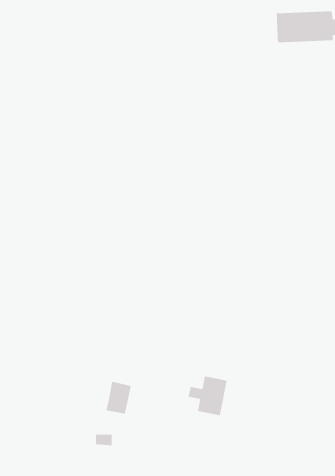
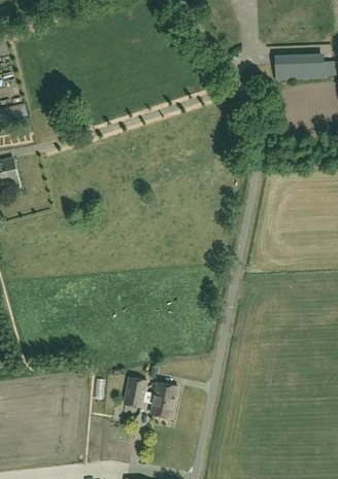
building: [188,376,228,416] -> [142,383,177,418]

